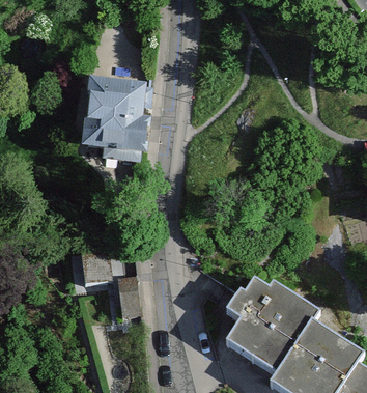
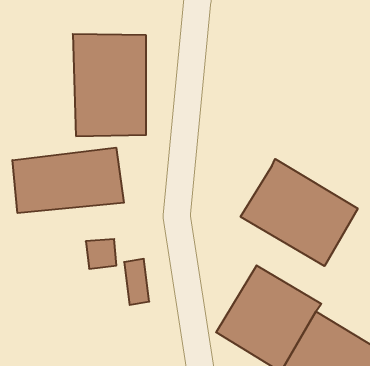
building: none -> [12,148,124,213]
building: none -> [241,159,358,266]

